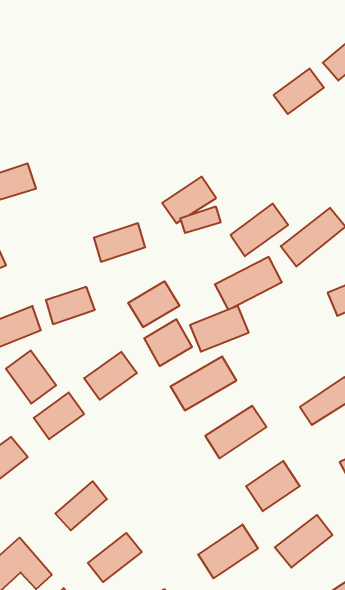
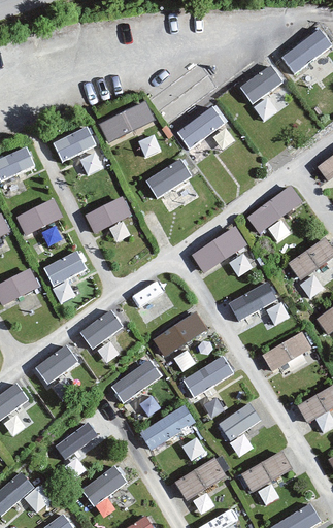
building: none -> [98,101,156,144]
building: none -> [53,126,97,162]
building: [231,204,288,256] -> [176,104,226,150]
building: none -> [16,197,63,236]
building: [128,281,179,327] -> none
building: [190,306,249,352] -> [228,283,278,322]
building: [6,350,56,404] -> none
building: none -> [111,356,160,406]
building: none -> [139,407,195,450]

